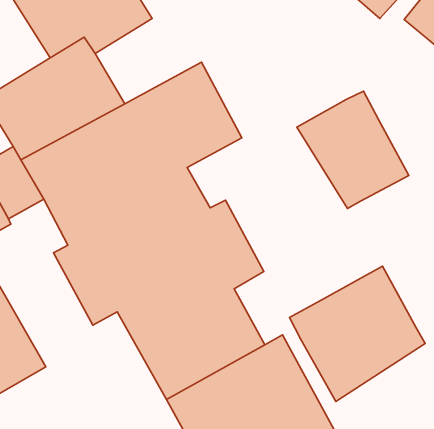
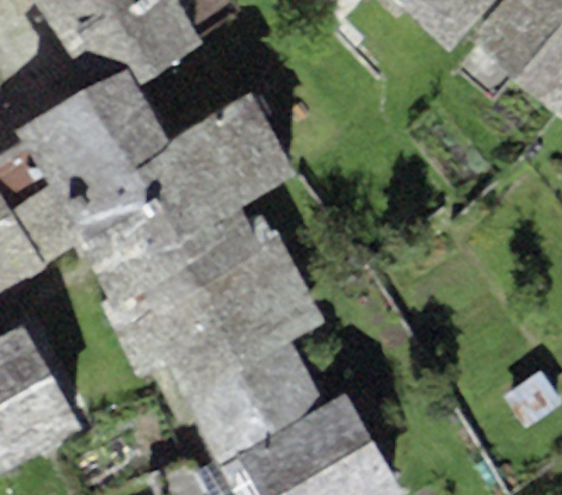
building: [297,91,409,208] -> none
building: [290,266,425,401] -> none

